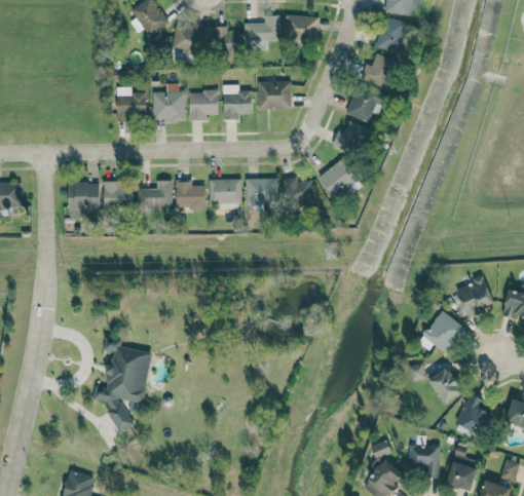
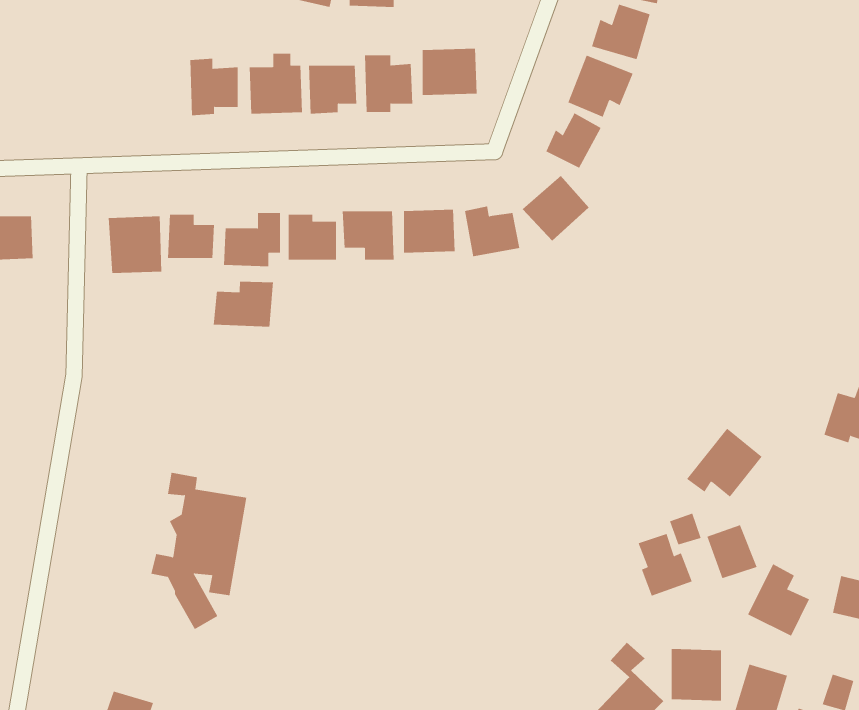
building: none -> [213,281,273,327]
building: [455,278,493,319] -> none
building: none -> [638,533,692,597]

